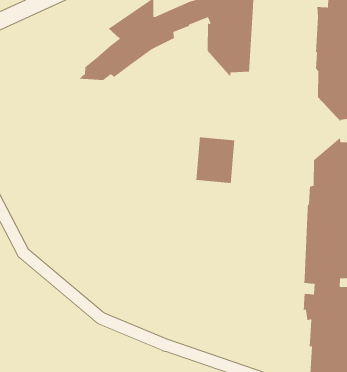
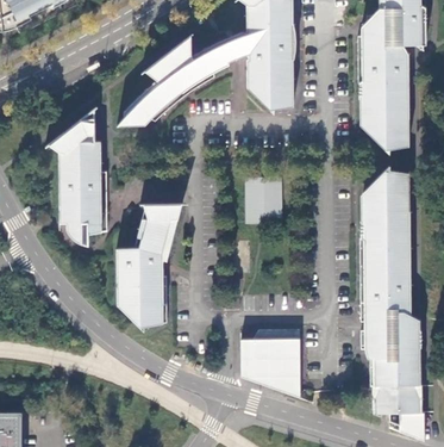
building: none -> [49,108,107,244]
building: none -> [117,204,182,330]
building: none -> [242,329,300,398]

